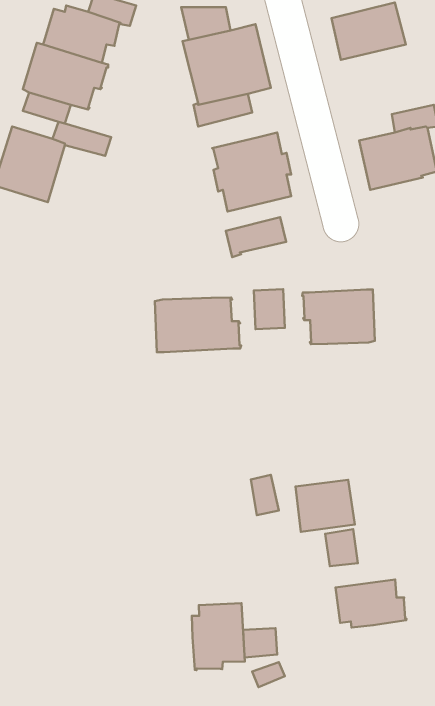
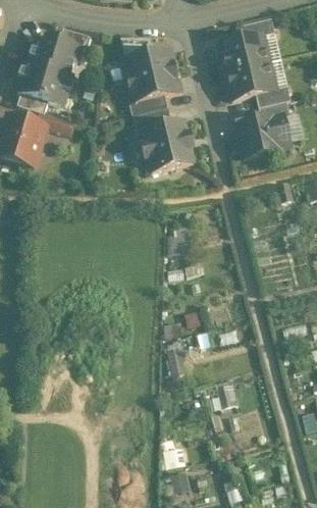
building: none -> [226,61,275,99]
building: [226,217,286,257] -> [133,106,172,133]
building: [302,289,375,344] -> none
building: [155,298,241,352] -> none
building: [295,480,355,532] -> none
building: [336,579,407,628] -> none
building: [192,603,245,670] -> none

